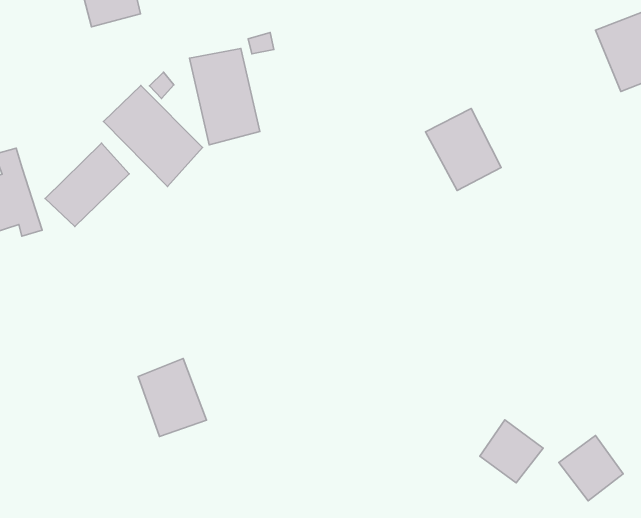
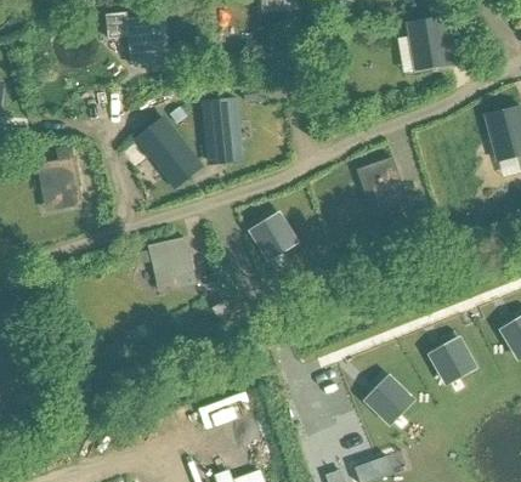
building: [45,143,129,227] -> none
building: none -> [250,216,295,260]
building: [138,359,206,436] -> [149,237,193,289]
building: [559,435,623,501] -> [431,338,475,382]

